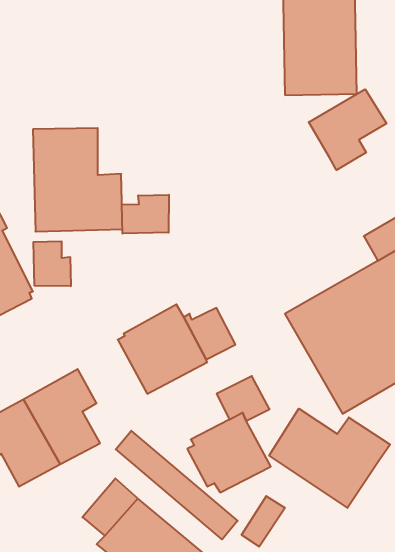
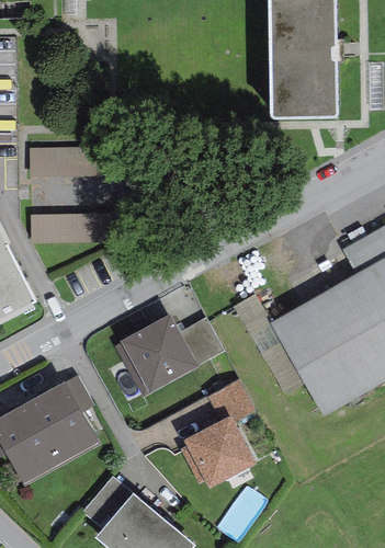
building: [309,89,386,170] -> none
building: [122,195,169,234] -> none
building: [33,241,71,286] -> none
building: [269,409,390,508] -> none
building: [116,431,238,539] -> none

